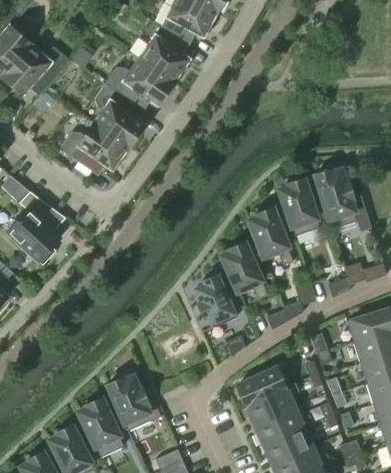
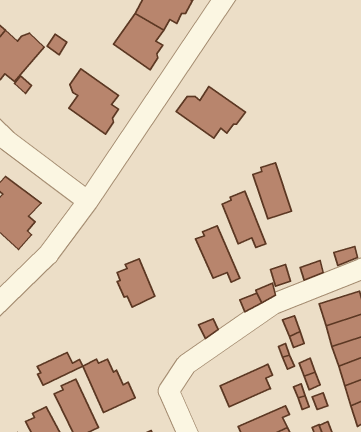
building: [105,58,175,110] -> [176,87,245,138]
building: [59,123,130,176] -> none
building: [314,169,370,231] -> none
building: [195,275,233,324] -> [117,259,155,307]
building: [236,365,290,404] -> none
building: none -> [37,353,83,385]
building: [255,407,312,445] -> none

